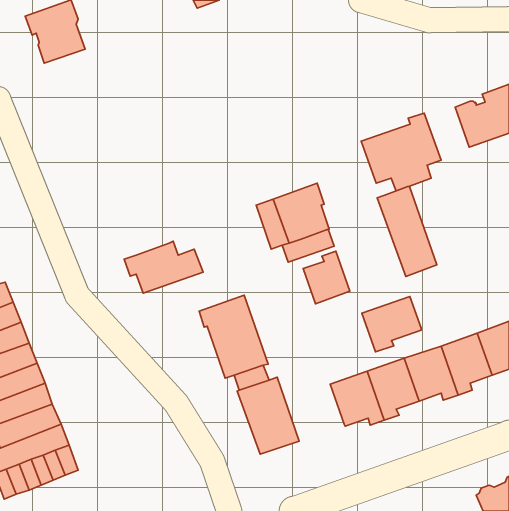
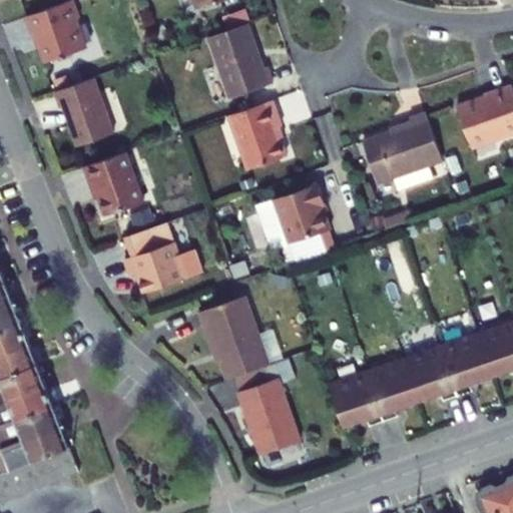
building: none -> [207,23,272,98]
building: none -> [54,77,113,146]
building: none -> [229,100,285,169]
building: none -> [84,151,142,215]
building: [377,186,437,276] -> none
building: none -> [128,223,169,255]
building: [303,251,350,304] -> none
building: [362,297,421,352] -> none

